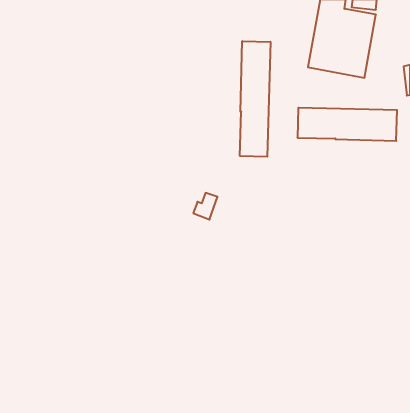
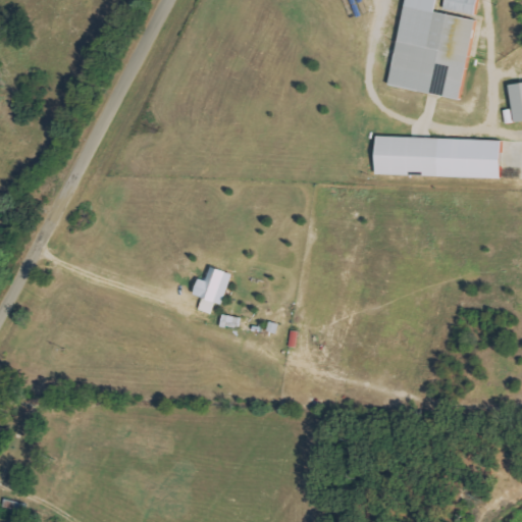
building: [240,41,270,157] -> none
building: [193,193,218,220] -> [194,267,224,301]

